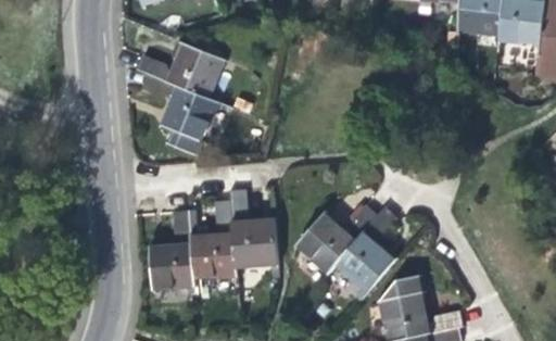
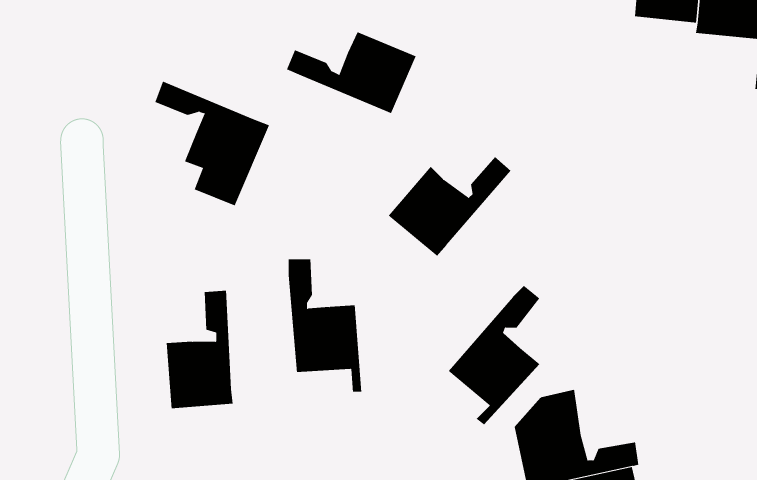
building: [138,43,224,98] -> [286,31,416,114]
building: [190,201,237,278] -> none
building: [296,205,378,271] -> [388,156,511,257]

